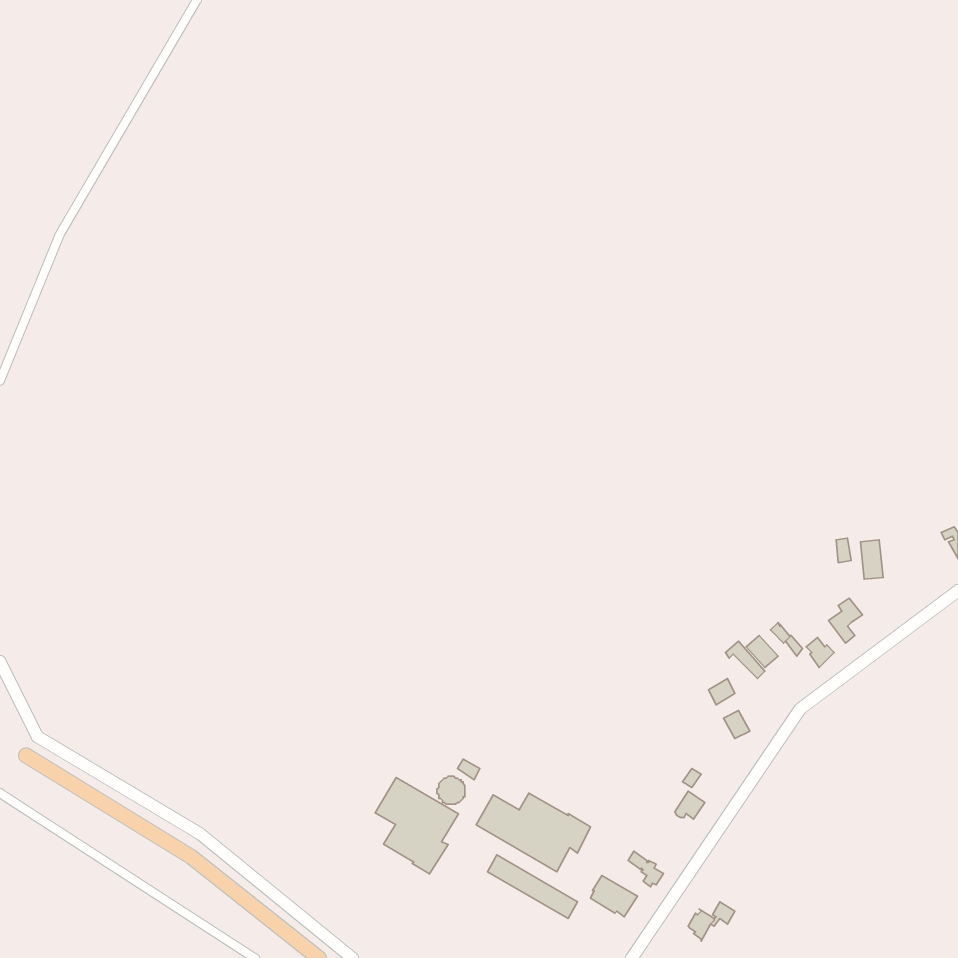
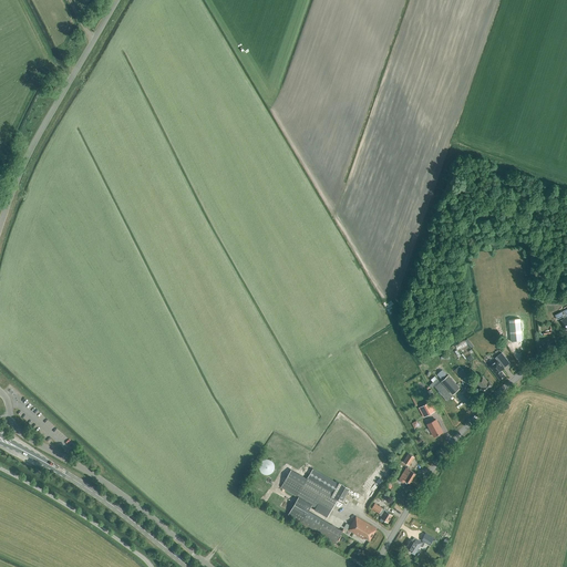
building: [375,778,459,874] -> none

